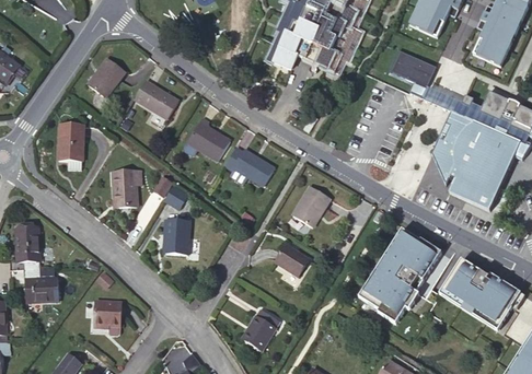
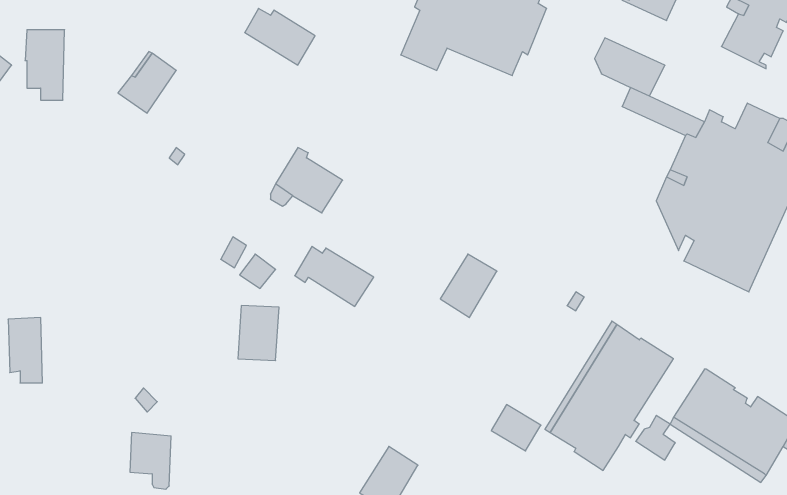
building: [134,82,178,118] -> [245,8,315,65]
building: [58,122,83,167] -> [25,30,65,100]
building: [224,147,275,185] -> [295,246,374,306]
building: [112,170,140,207] -> none
building: [276,245,308,274] -> [491,405,541,451]
building: [24,278,59,301] -> none

